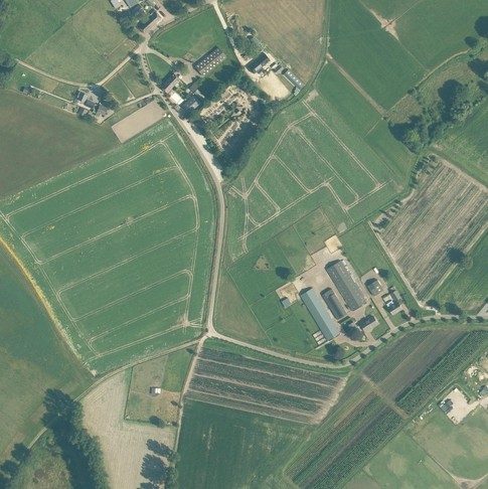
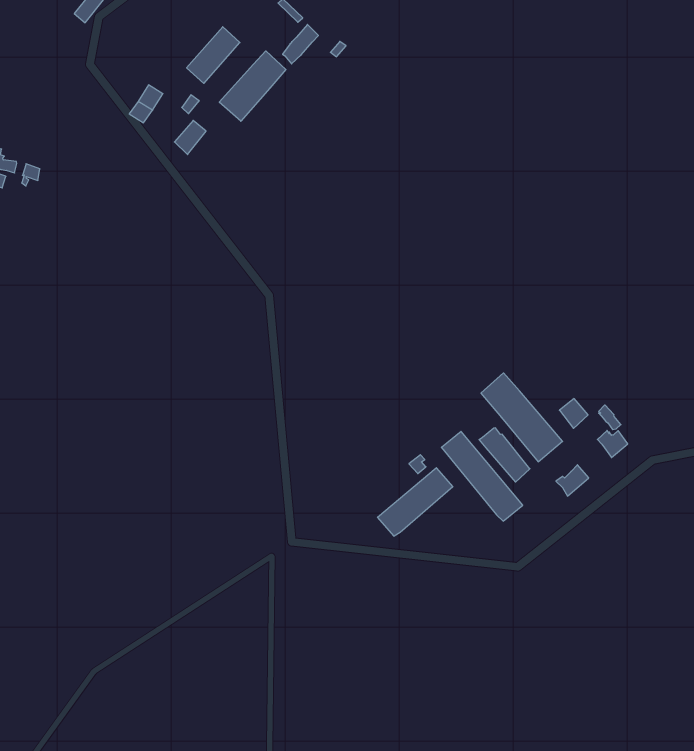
building: none -> [219,51,286,121]
building: none -> [378,468,453,536]

